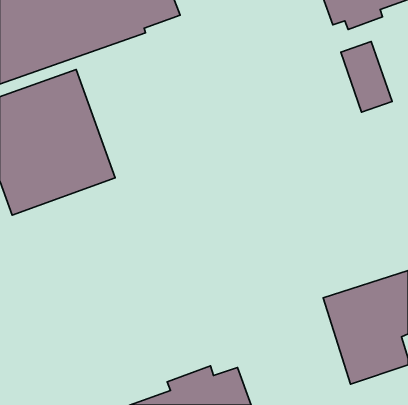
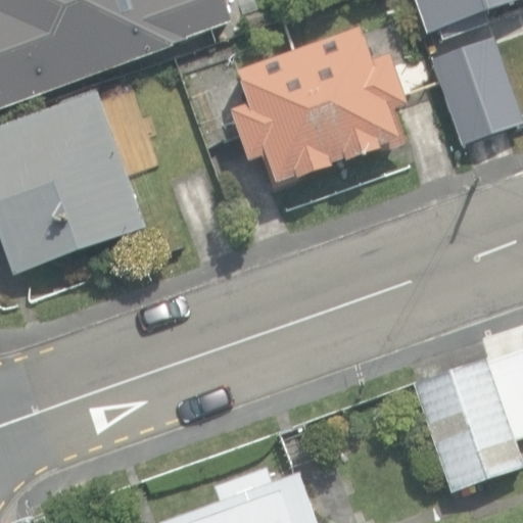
building: none -> [230,26,410,183]

